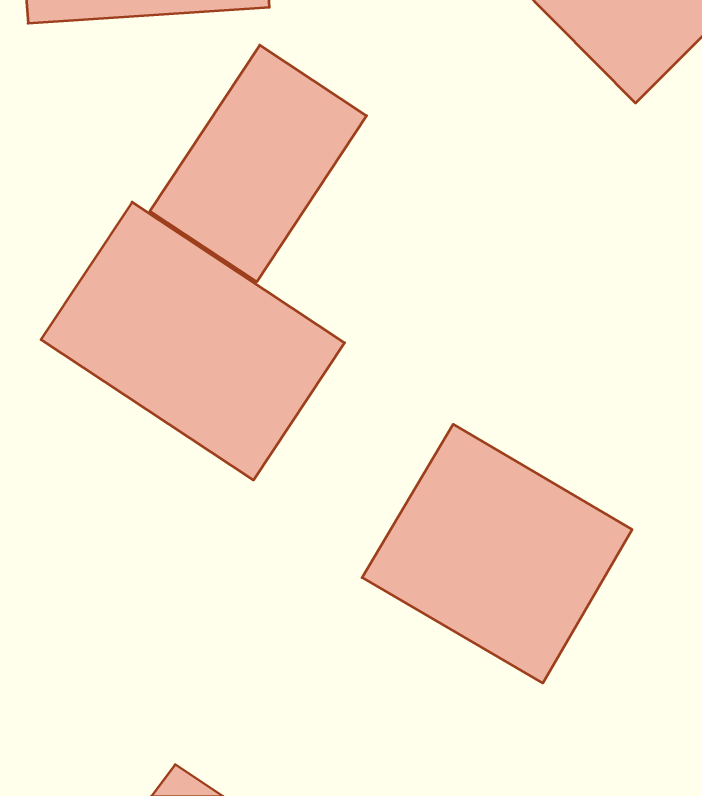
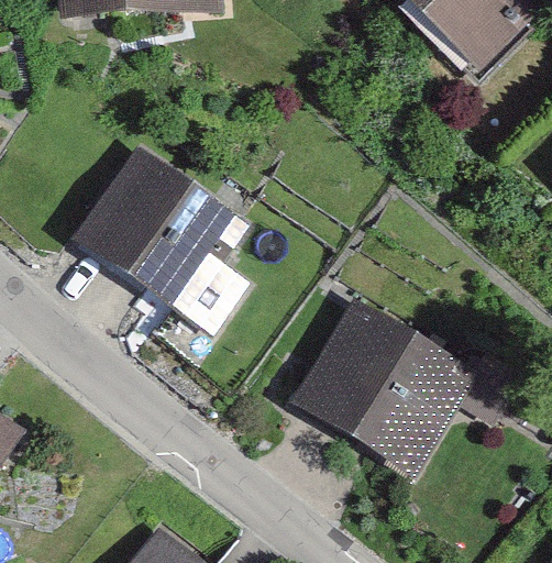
building: [150,45,367,282] -> none

